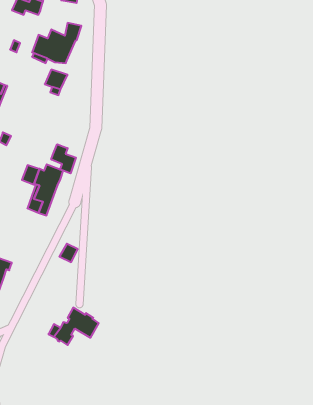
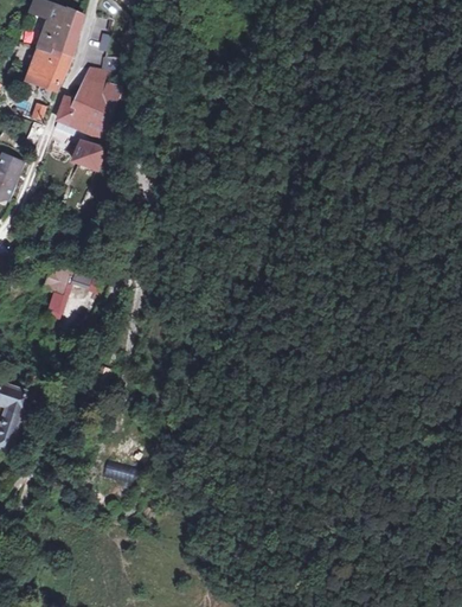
building: none -> [26,65,65,90]
building: none -> [82,66,107,98]
building: [51,144,76,173] -> none

